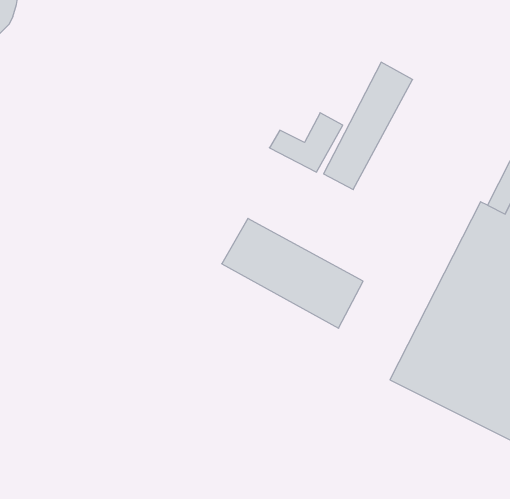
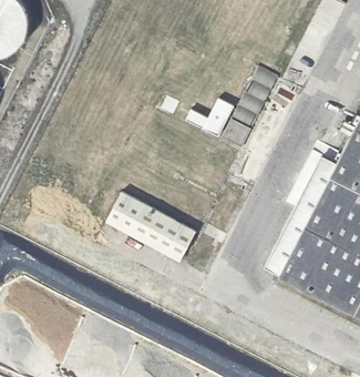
building: [222,218,363,328] -> [106,193,196,263]

